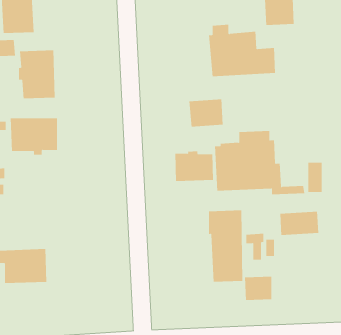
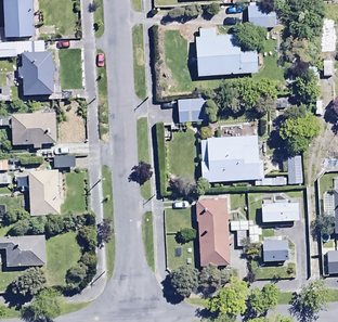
building: [175,151,214,182] -> none
building: none -> [28,170,61,215]
building: [244,276,272,301] -> [263,239,289,261]

